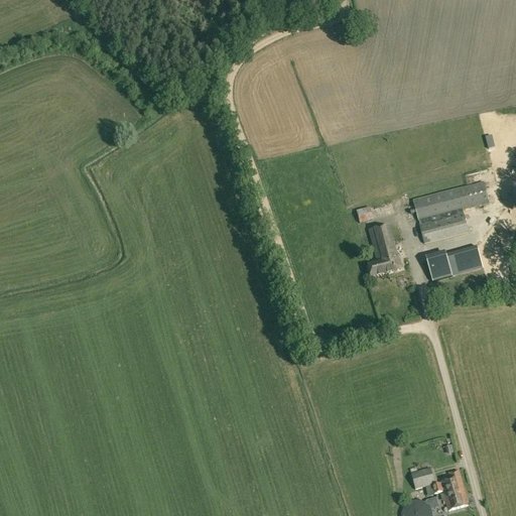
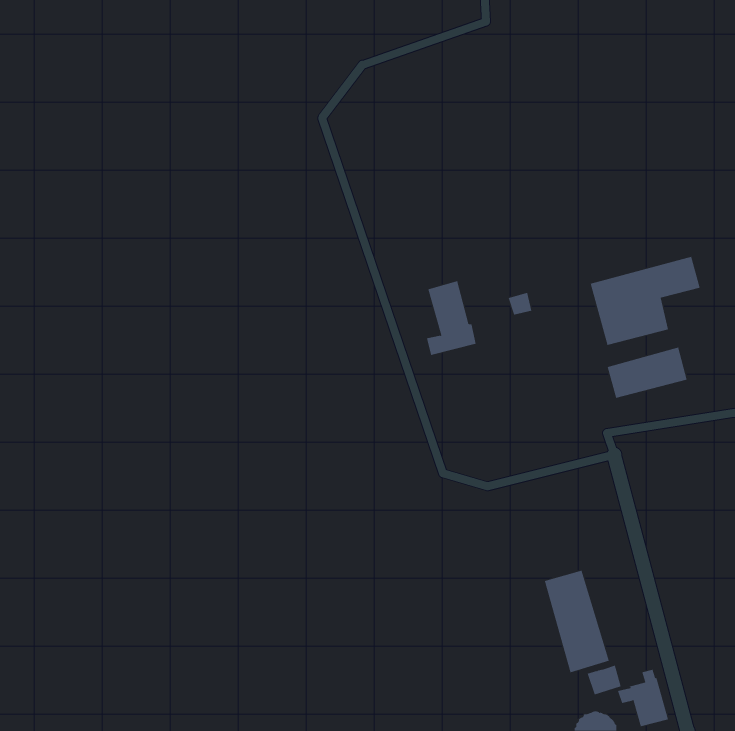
building: [367,223,402,275] -> [426,281,477,355]
building: none -> [544,570,610,673]

